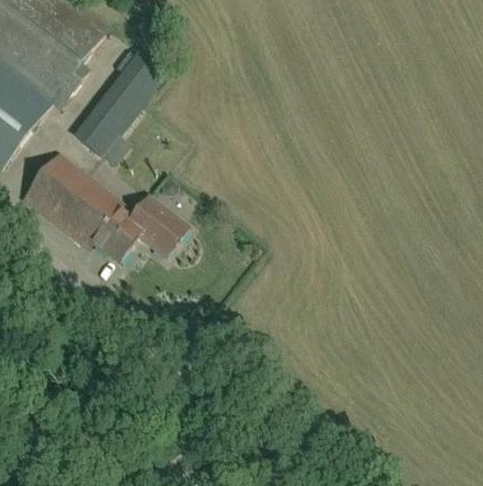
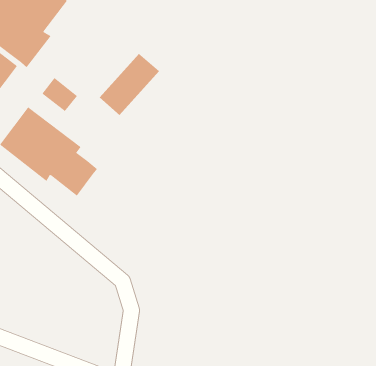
building: [95,51,169,127] -> [99,53,160,116]
building: [128,196,185,256] -> none

